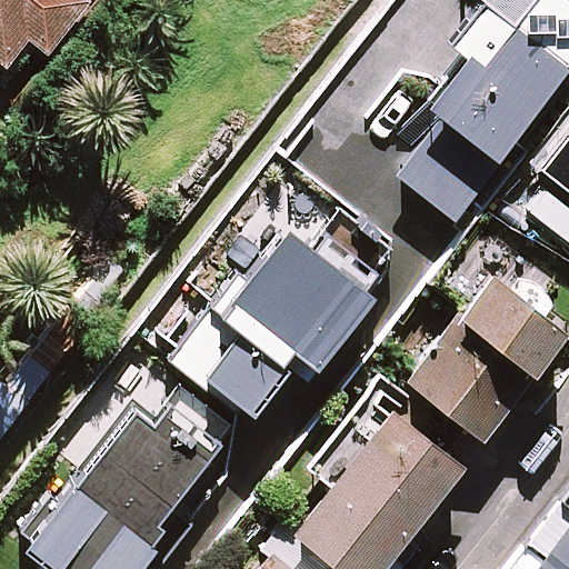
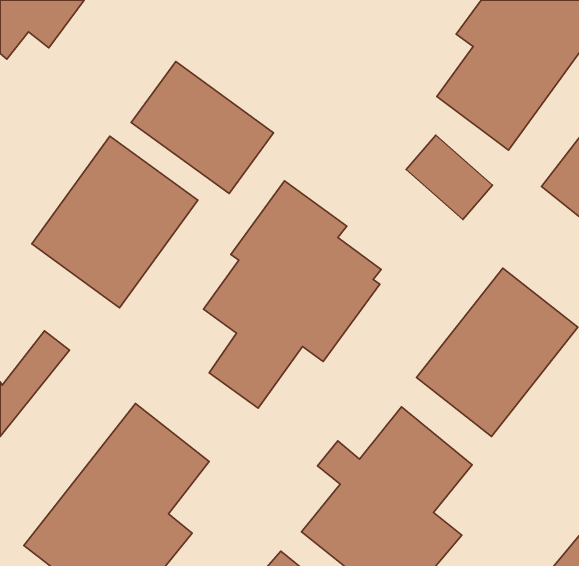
building: none -> [131,62,274,194]
building: none -> [32,136,198,308]

